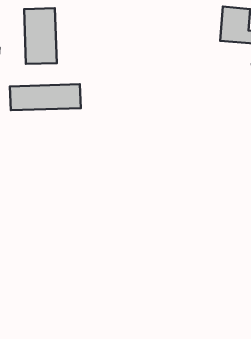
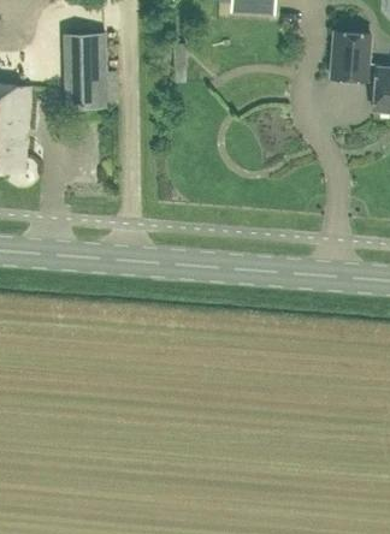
building: [10,84,81,110] -> none

